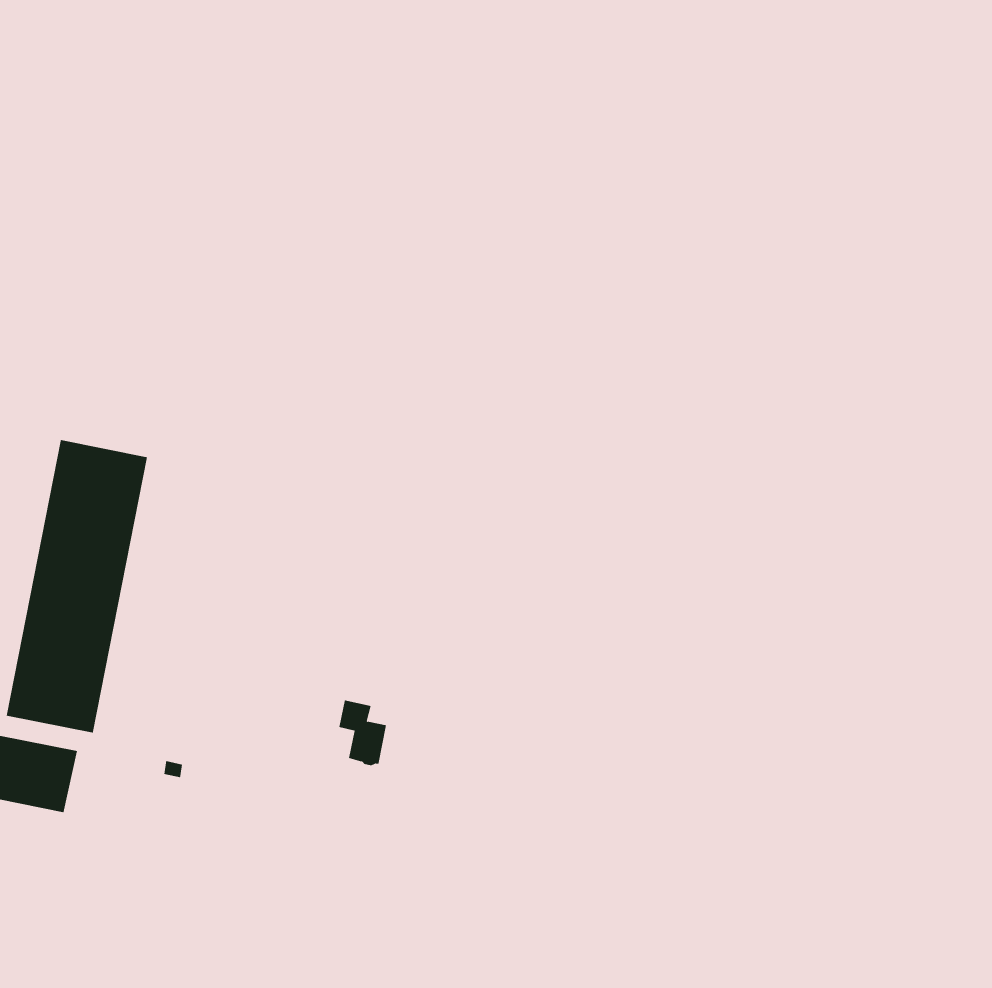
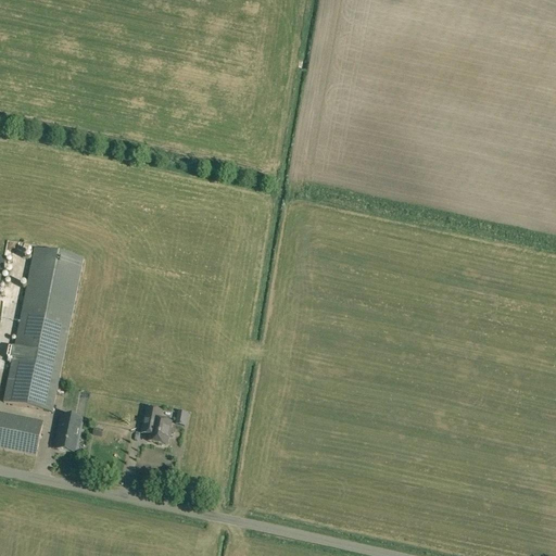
building: [338,700,387,766] -> [142,406,169,443]
building: none -> [58,413,80,451]

